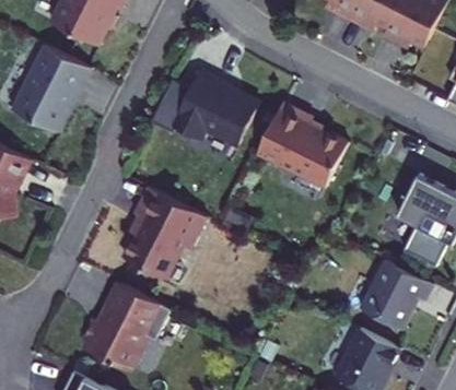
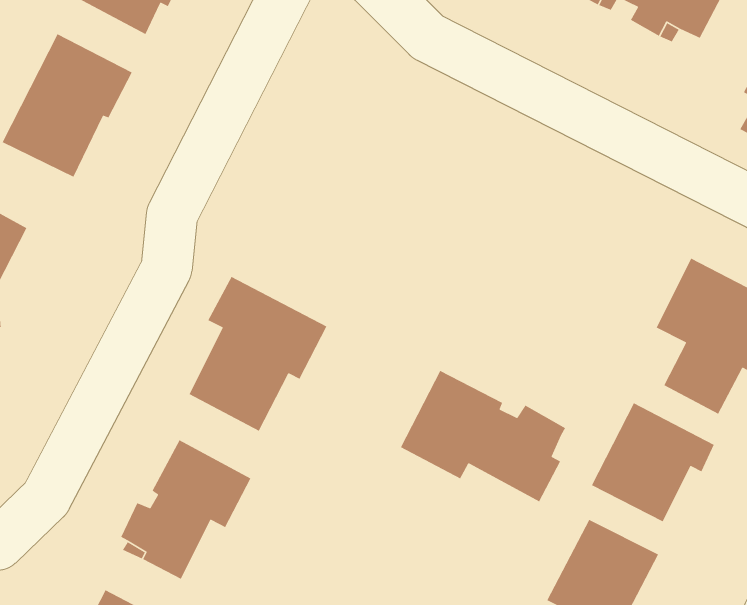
building: [151,69,258,145] -> none
building: [256,103,347,188] -> none
building: none -> [400,370,566,503]

